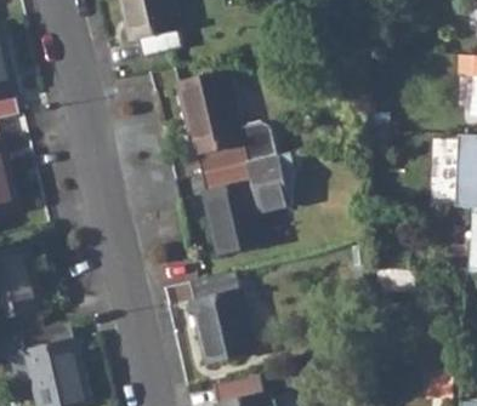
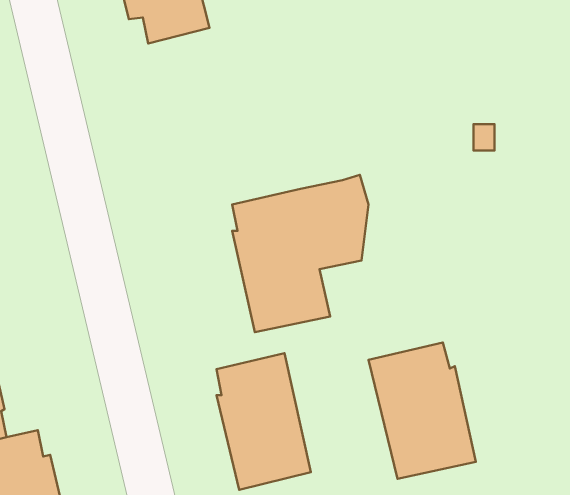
building: [176,70,277,168] -> none
building: none -> [368,343,476,479]

